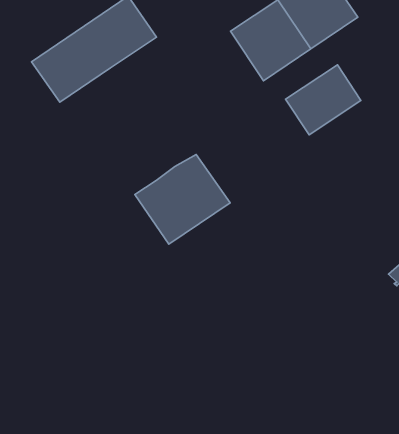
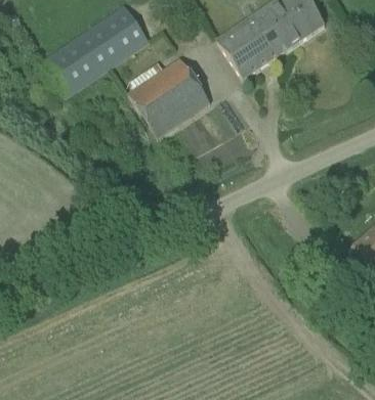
building: [286,65,361,135] -> none
building: [135,155,230,244] -> [128,58,211,136]

